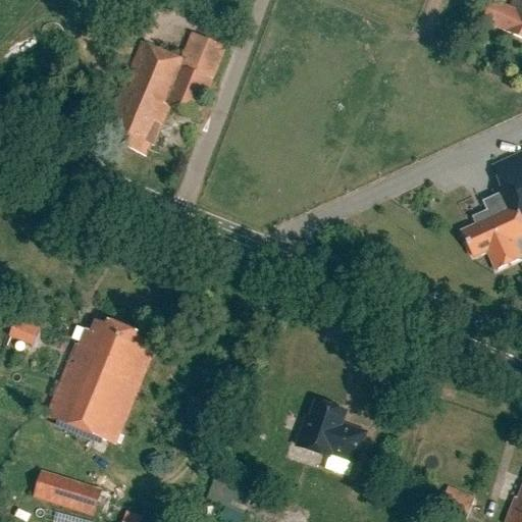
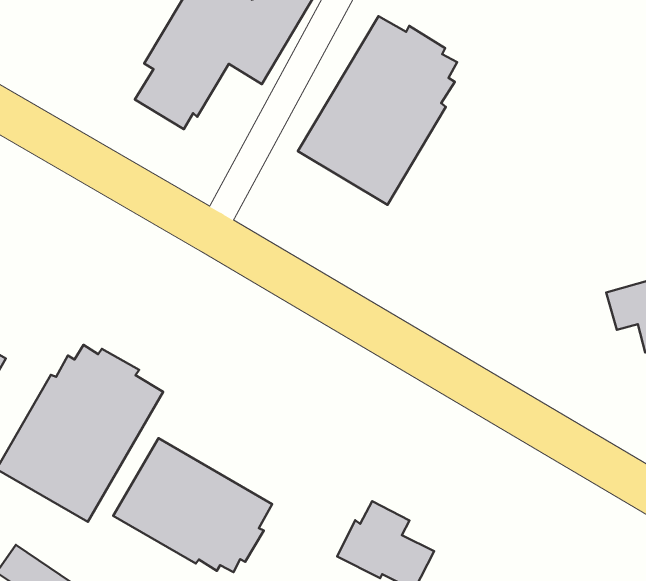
building: none -> [298,16,457,205]
building: none -> [113,438,272,572]

